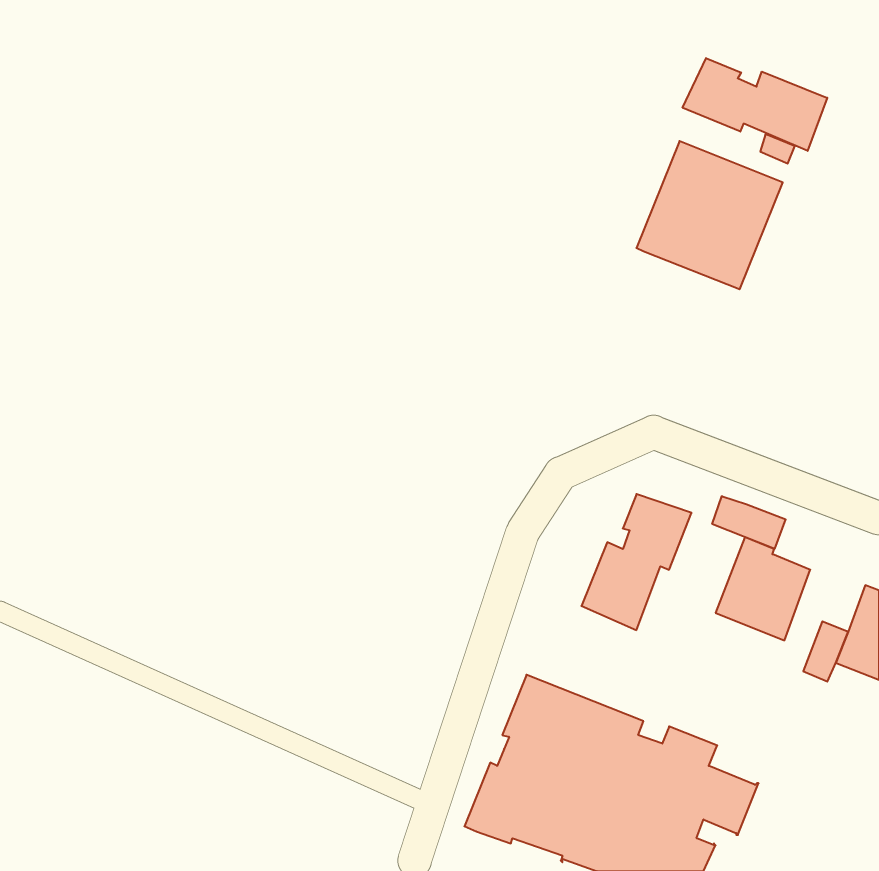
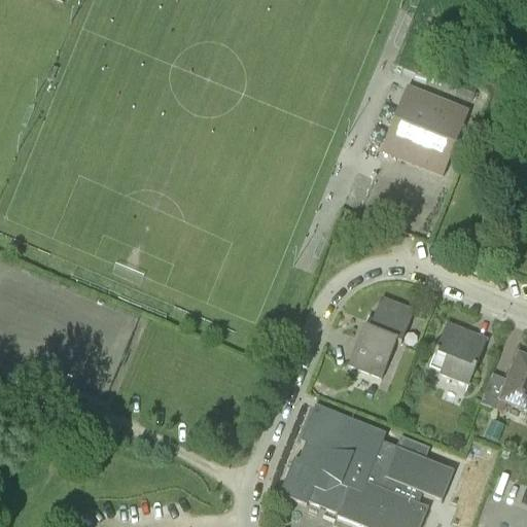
building: [683,58,827,151] -> none
building: [712,496,786,549] -> none

